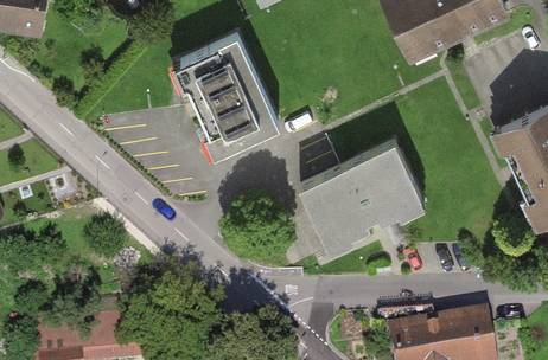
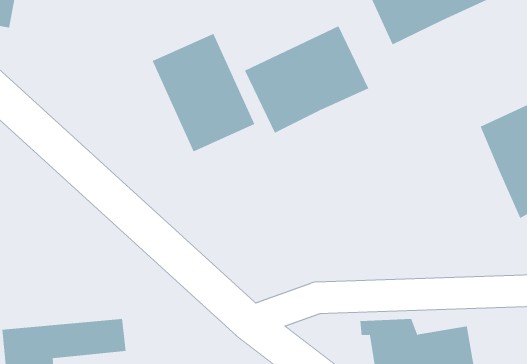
building: [302,137,425,243] -> [244,25,369,134]

